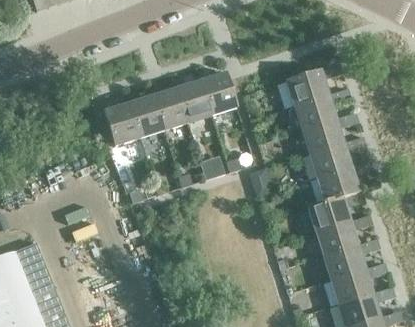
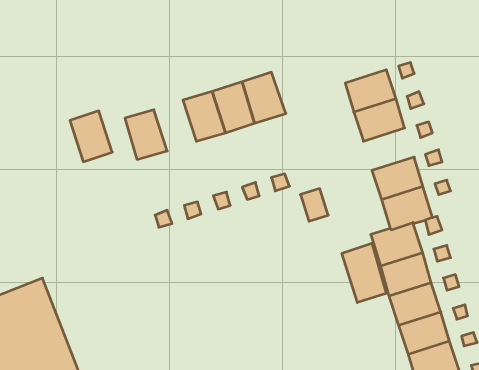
building: [128,95,163,137] -> [70,111,112,162]
building: [301,118,343,153] -> none
building: none -> [342,243,386,303]

